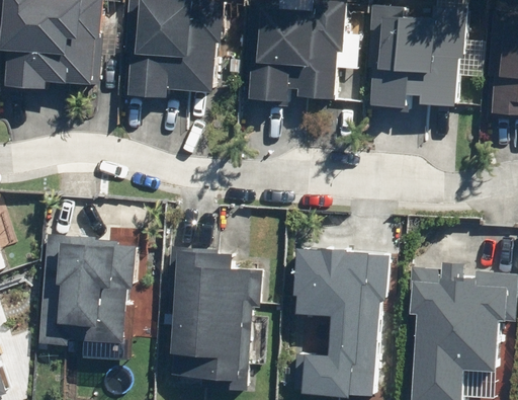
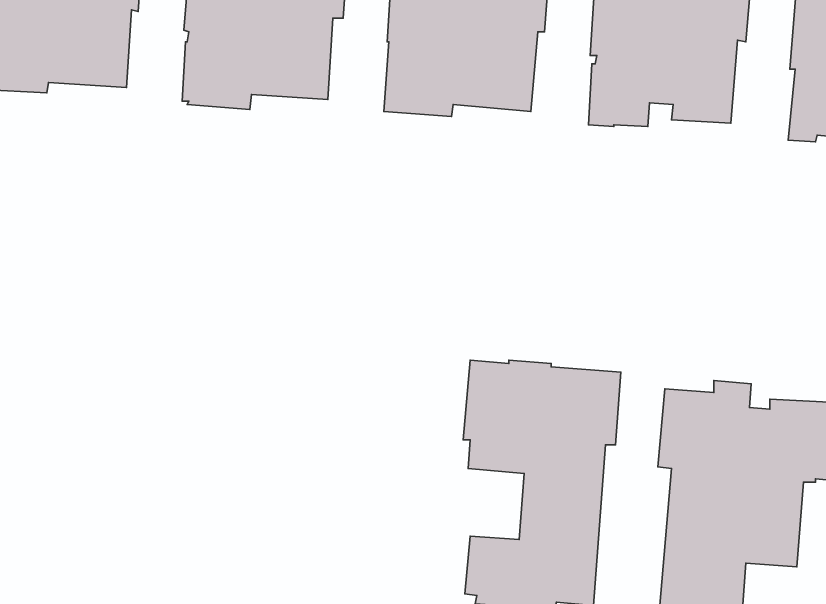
building: [40,234,136,345] -> none
building: [170,246,251,381] -> none

